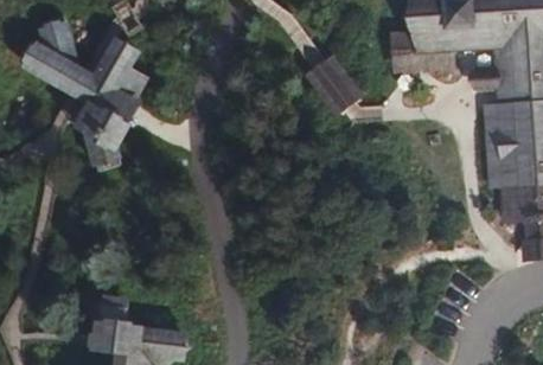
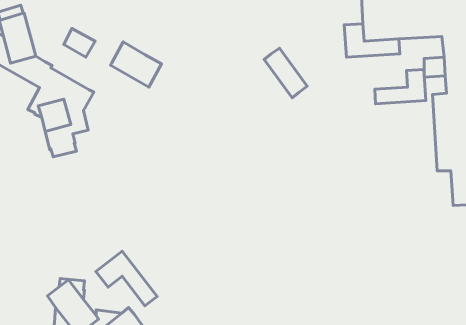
building: [95,56,147,102] -> [111,42,162,87]
building: none -> [375,69,426,104]
building: none -> [96,251,157,306]

